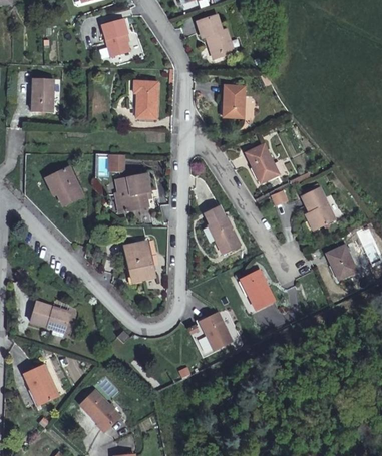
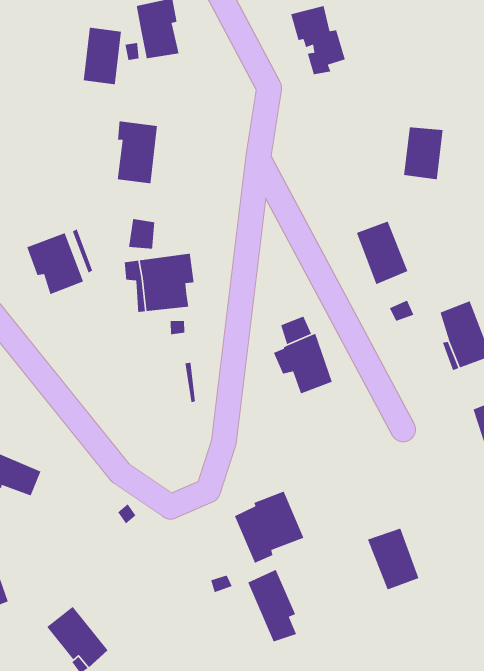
building: [33,77,54,111] -> [83,27,122,85]
building: [134,80,158,117] -> [117,120,158,184]
building: [225,85,247,116] -> [403,126,443,180]
building: [125,241,154,281] -> none
building: [240,269,274,308] -> [367,527,420,591]
building: none -> [247,569,297,643]

